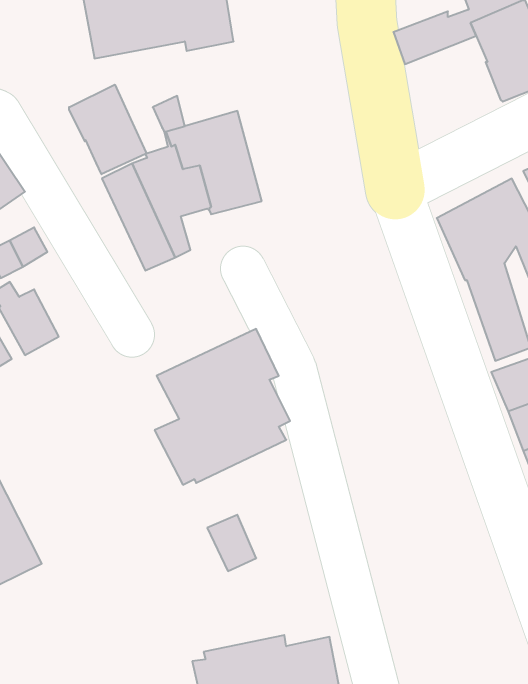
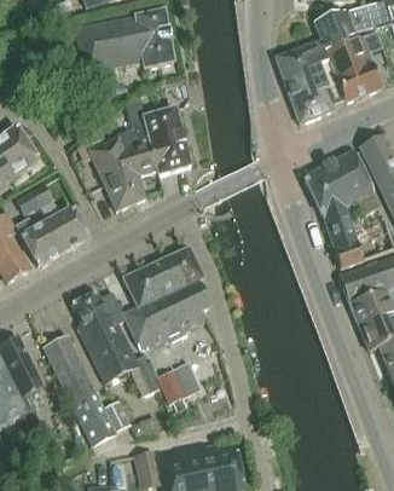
building: none -> [283,58,344,122]
building: [69,85,146,174] -> none
building: none -> [45,207,87,252]
building: none -> [71,291,157,394]
building: none -> [41,333,131,445]

